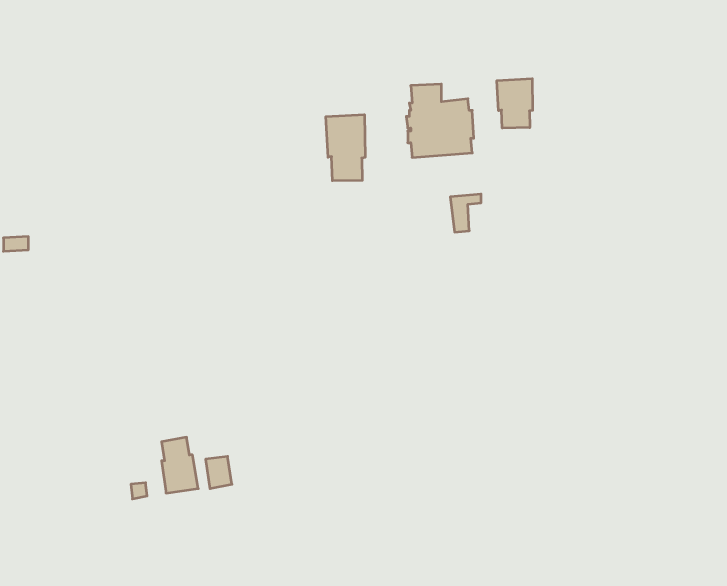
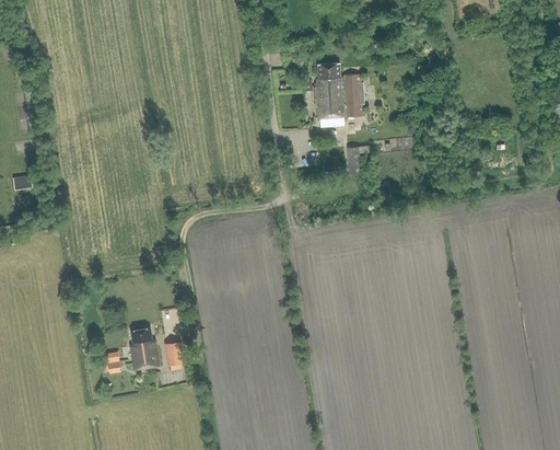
building: [497,79,533,128] -> none
building: [326,115,365,181] -> none

